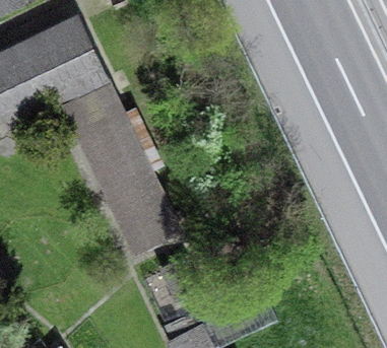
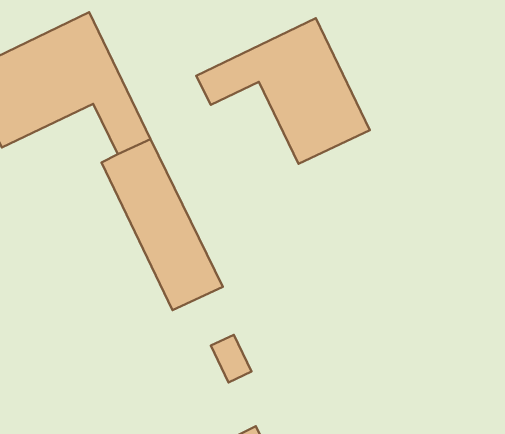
building: none -> [196,18,370,164]

